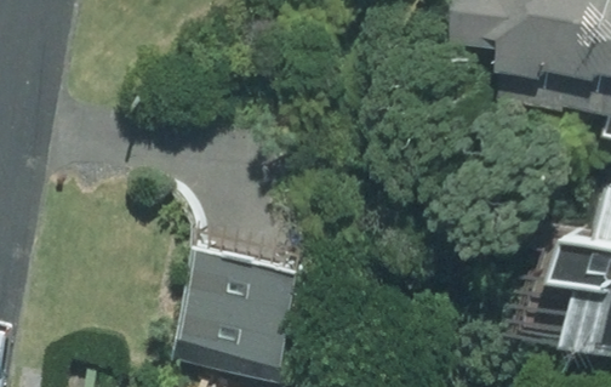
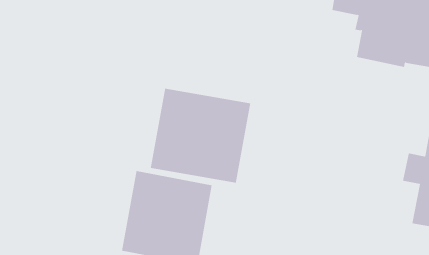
building: none -> [150,88,251,183]

